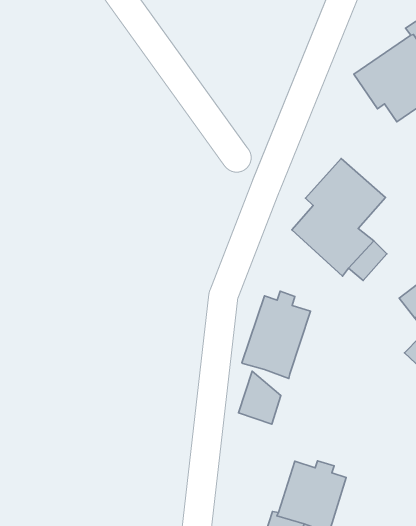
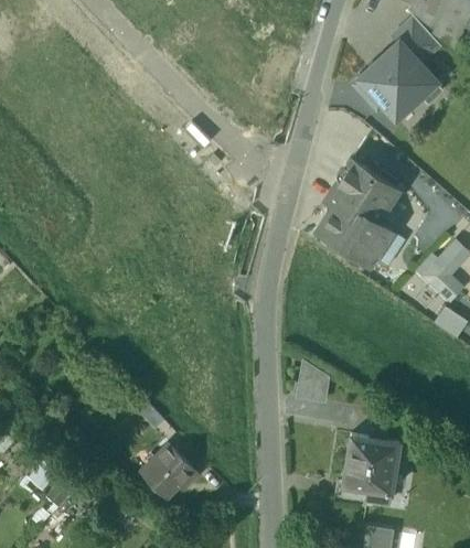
building: [242,291,310,379] -> none
building: none -> [142,443,195,496]

